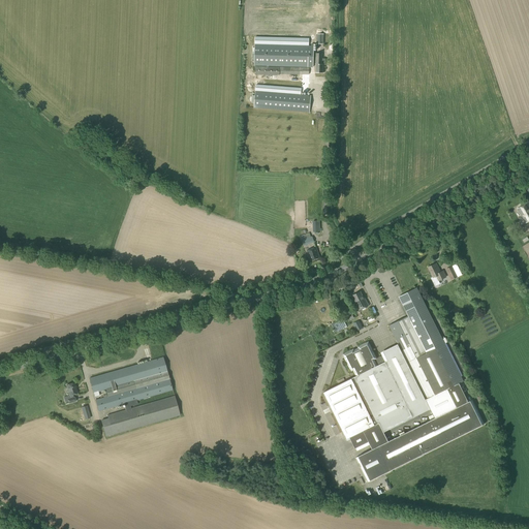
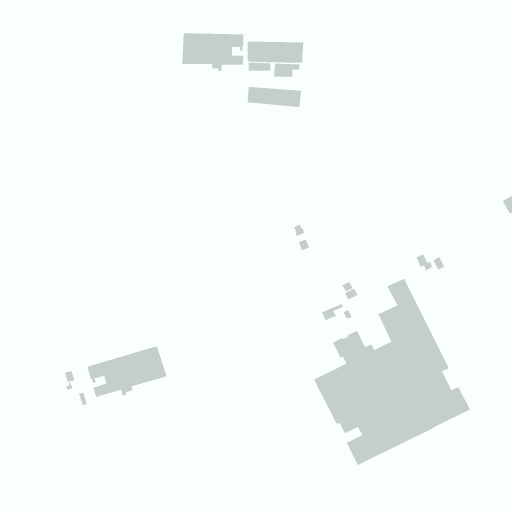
building: none -> [182,33,244,72]
building: [102,394,181,435] -> none

